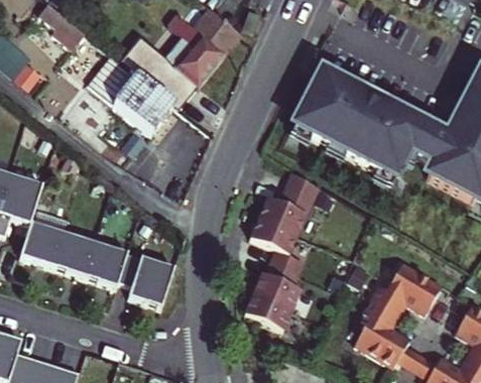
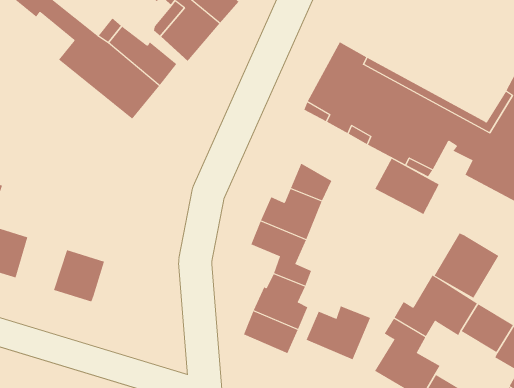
building: none -> [375,158,439,215]
building: none -> [434,233,499,299]
building: [53,232,96,276] -> none
building: [119,252,174,306] -> none
building: none -> [306,306,371,360]

